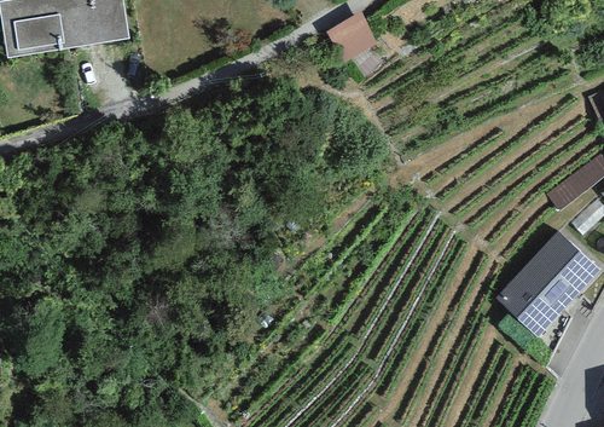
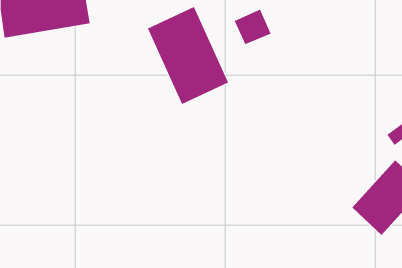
building: none -> [147,6,229,105]

